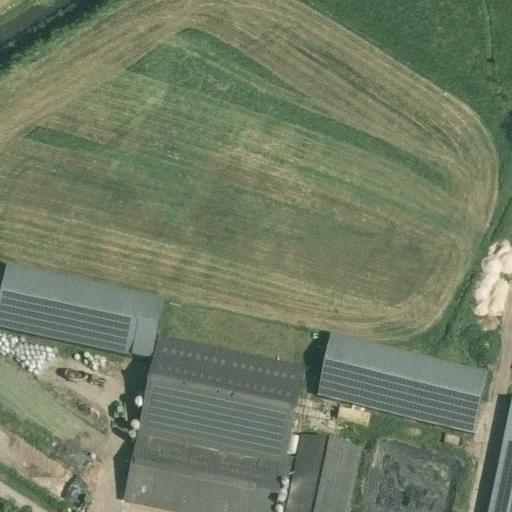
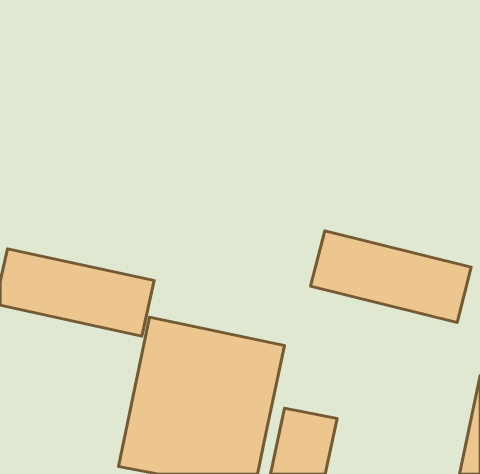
building: [316,333,487,431] -> [311,231,471,323]

